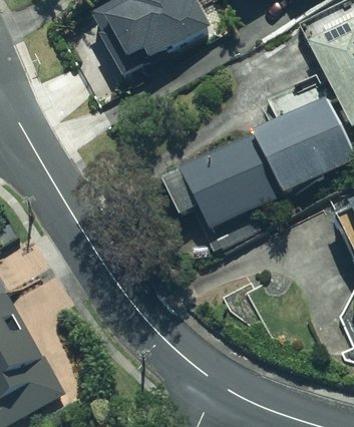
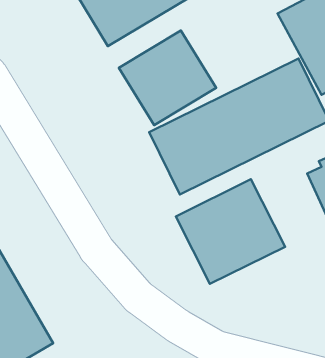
building: none -> [119,30,216,125]
building: none -> [176,179,285,284]

